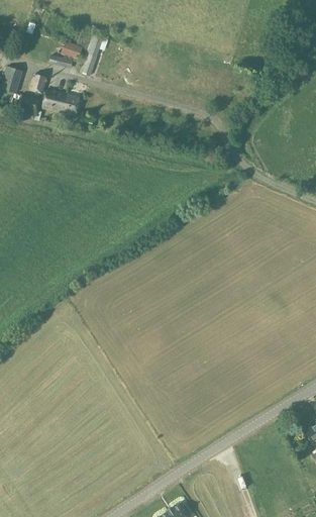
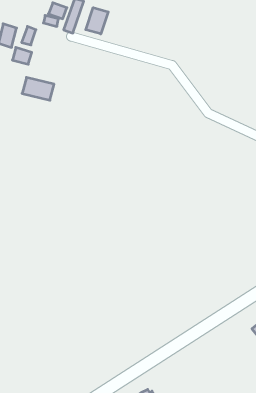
building: none -> [86,8,108,34]
building: [42,89,81,116] -> [22,77,54,100]

